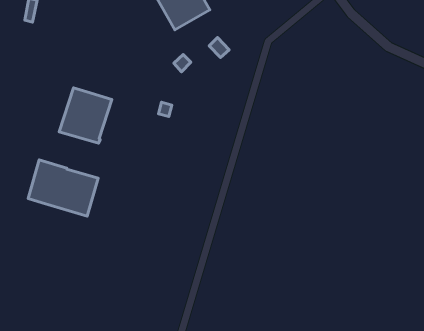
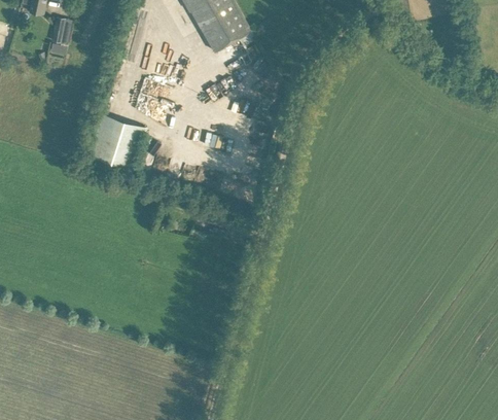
building: [28,160,98,216] -> none

